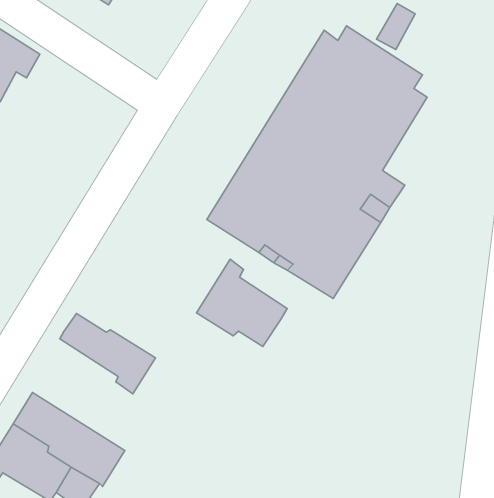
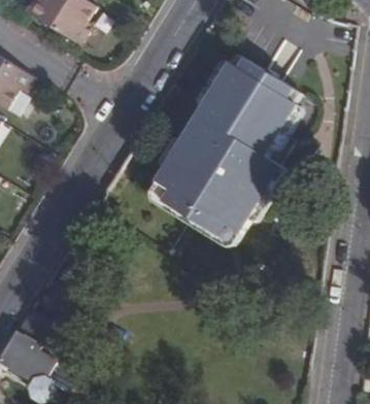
building: [197,259,287,346] -> none
building: [60,313,155,394] -> none

